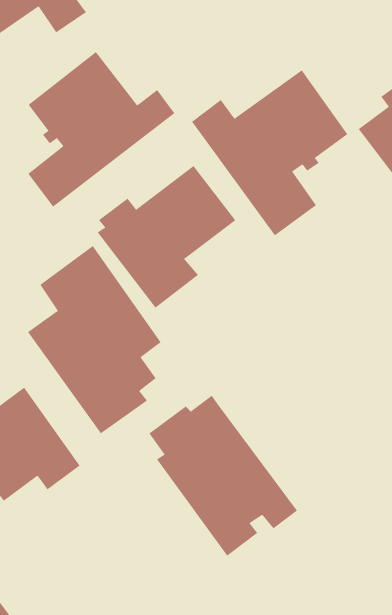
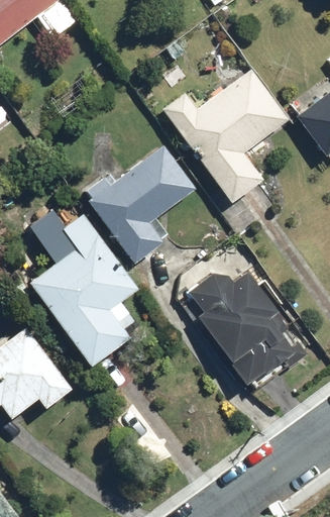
building: [27,51,175,208] -> none
building: [149,395,298,557] -> [189,262,310,393]

